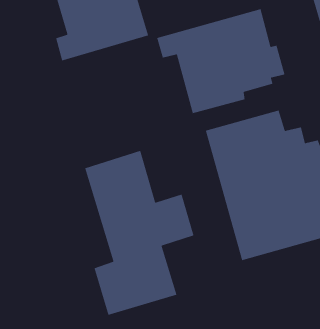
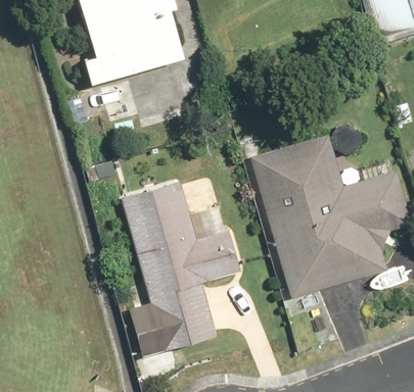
building: [156,8,286,114] -> none

